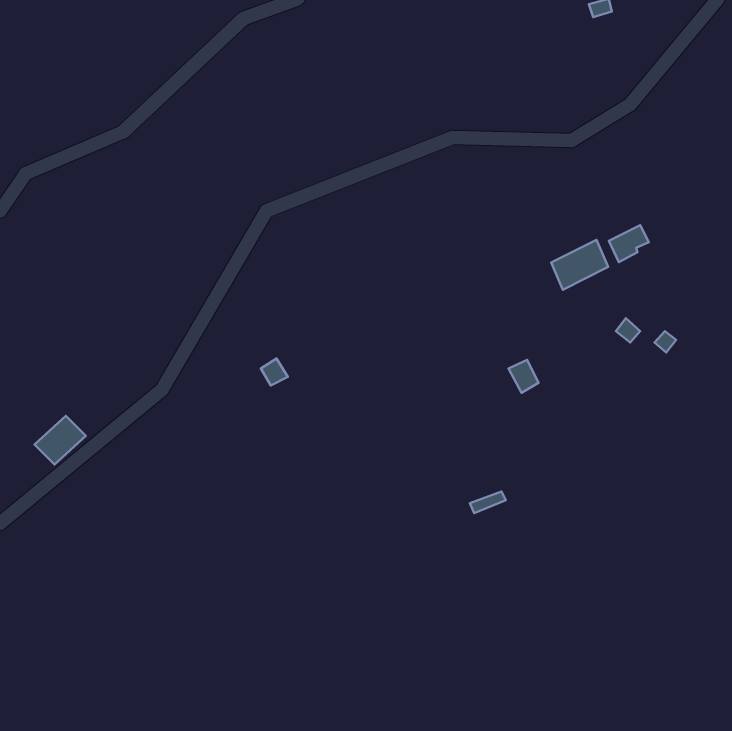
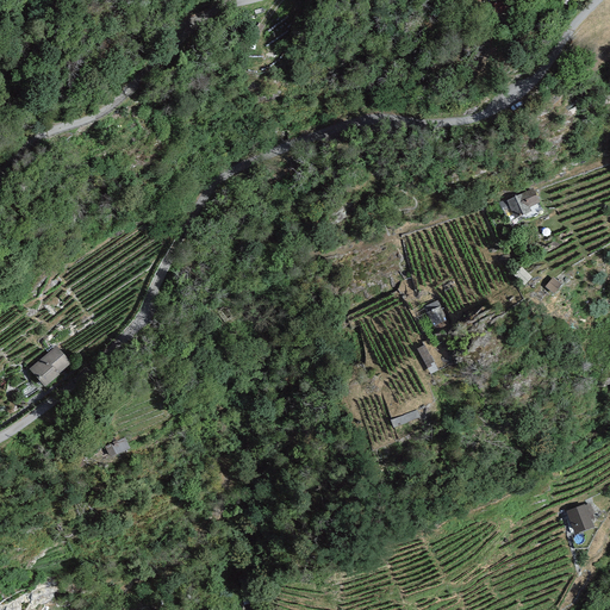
building: [551,240,608,290] -> none
building: none -> [566,503,596,534]

